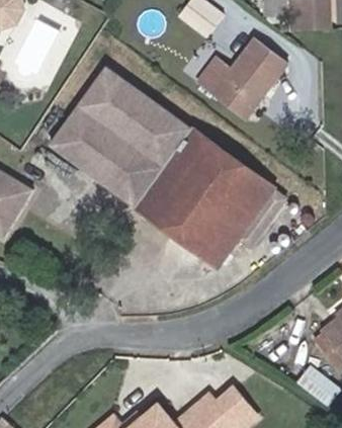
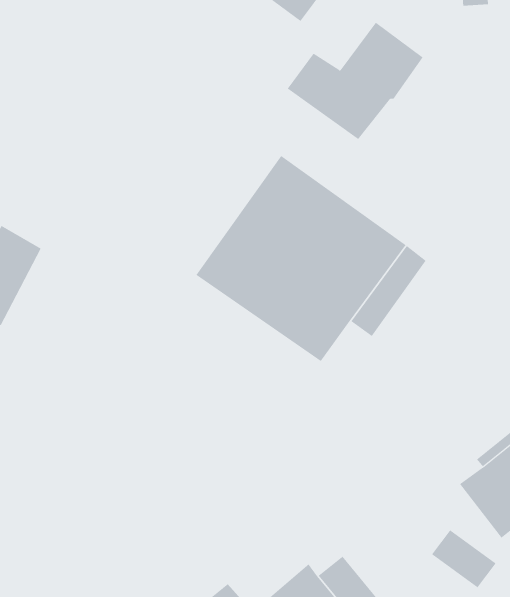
building: [52,67,191,204] -> none

